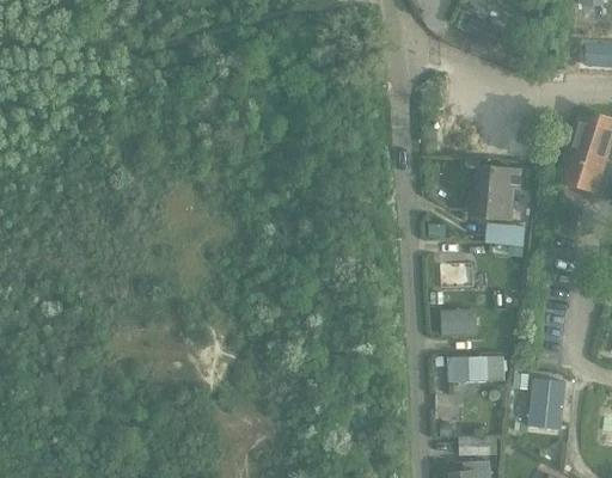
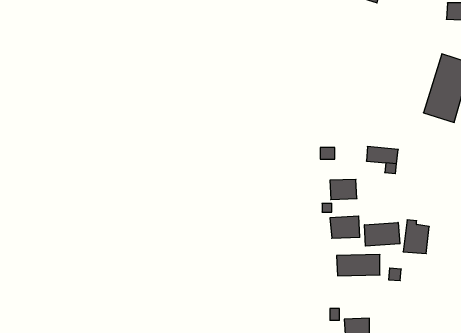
building: [472,160,521,219] -> none
building: none -> [365,222,400,246]
building: [534,381,567,423] -> [403,220,429,254]

